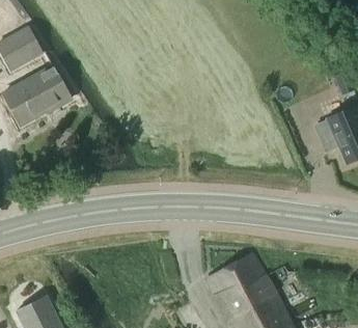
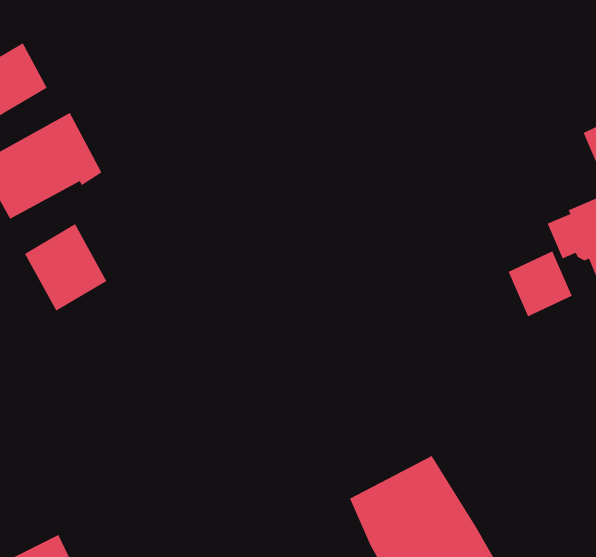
building: none -> [24,223,107,311]
building: none -> [508,251,572,317]

